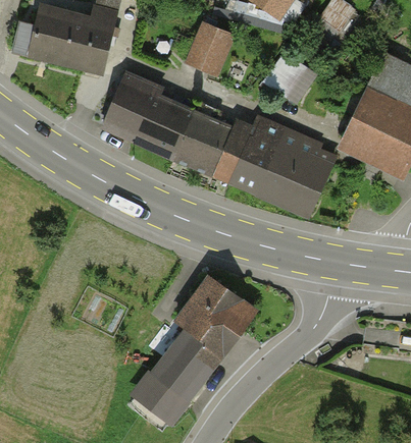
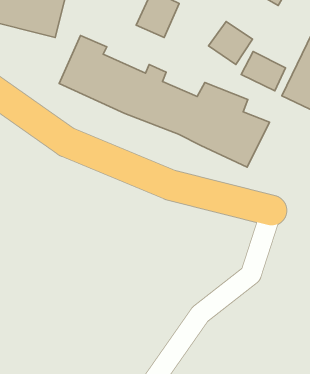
building: none -> [241,51,285,91]
building: [139,279,253,419] -> none

